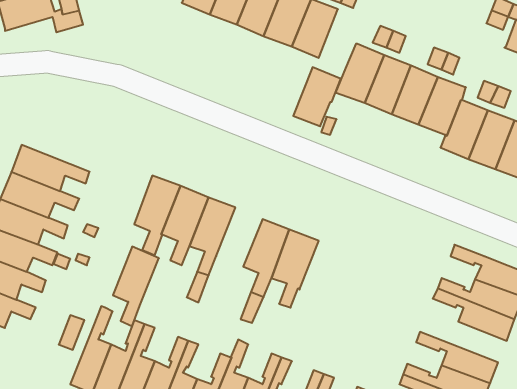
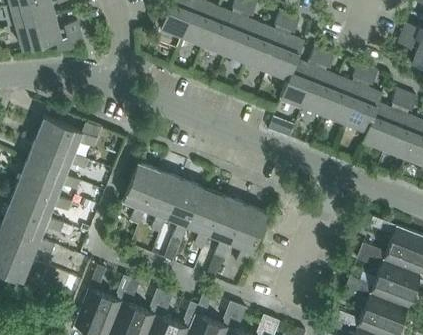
building: [293,67,341,126] -> [267,33,304,79]
building: none -> [35,117,97,154]
building: [113,247,159,326] -> [187,188,223,250]
building: none -> [346,277,414,309]

